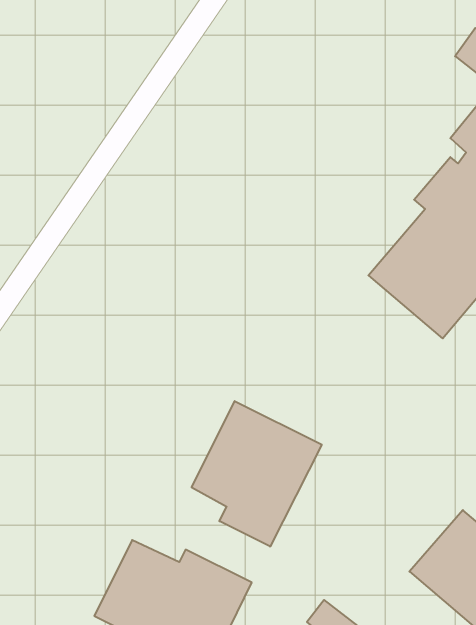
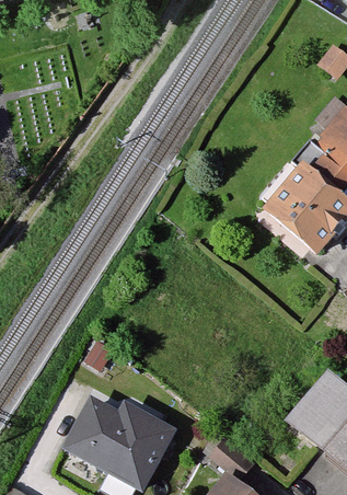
building: [192,401,322,547] -> none

